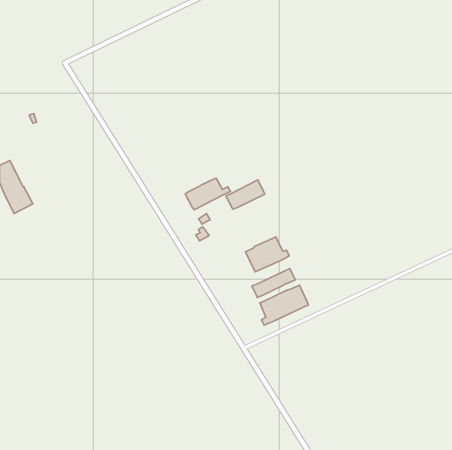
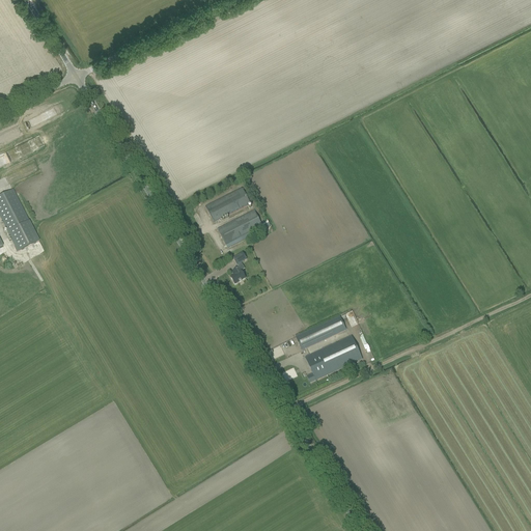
building: [226,180,265,209] -> [204,186,250,220]
building: [246,237,289,272] -> none

